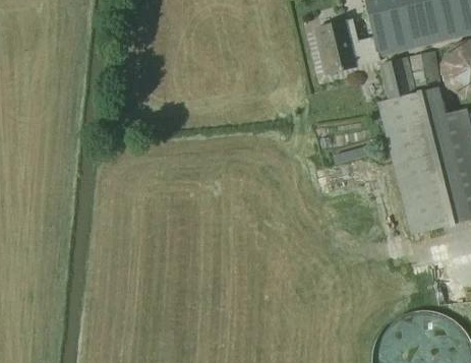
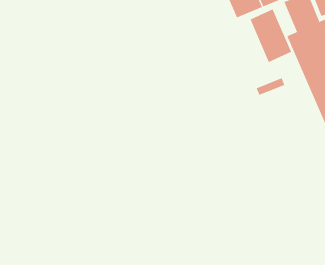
building: none -> [250,8,292,63]

